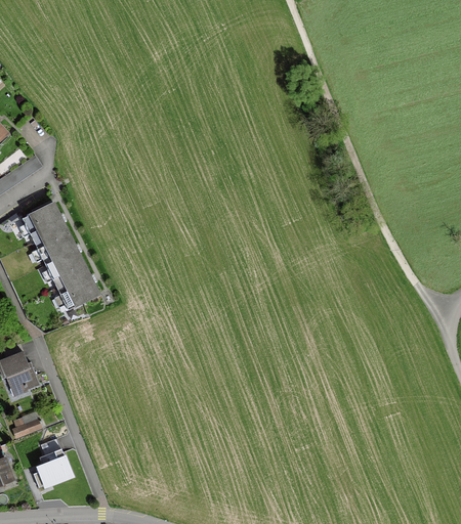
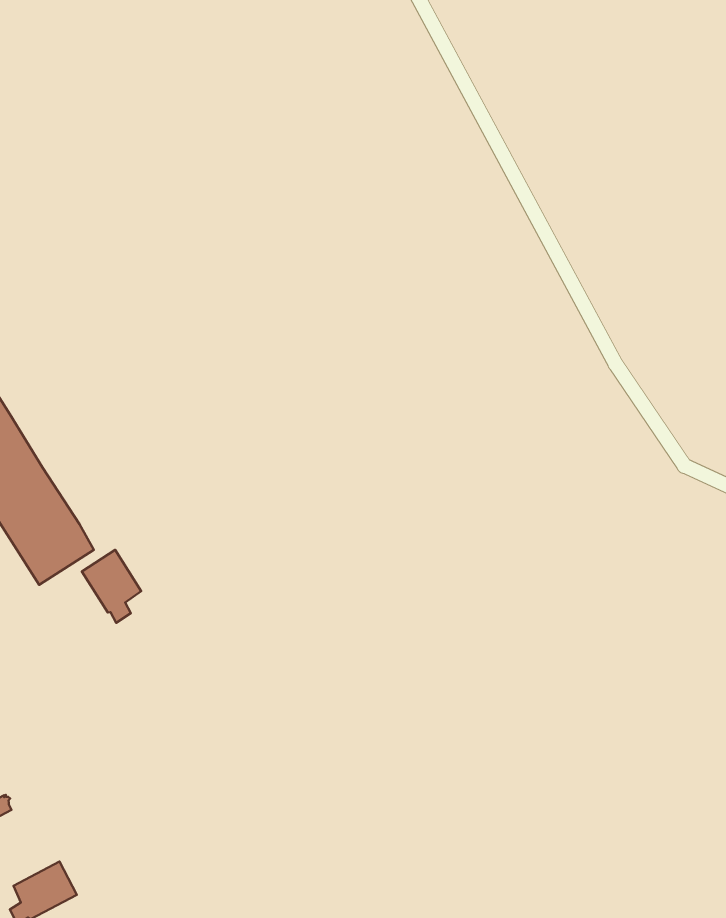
building: none -> [82,550,141,623]

